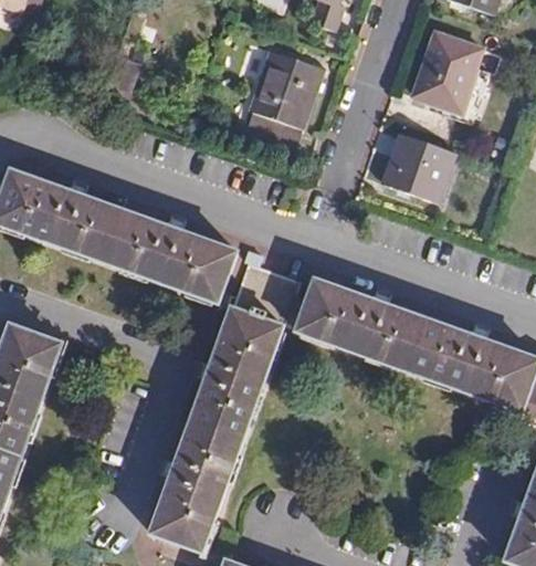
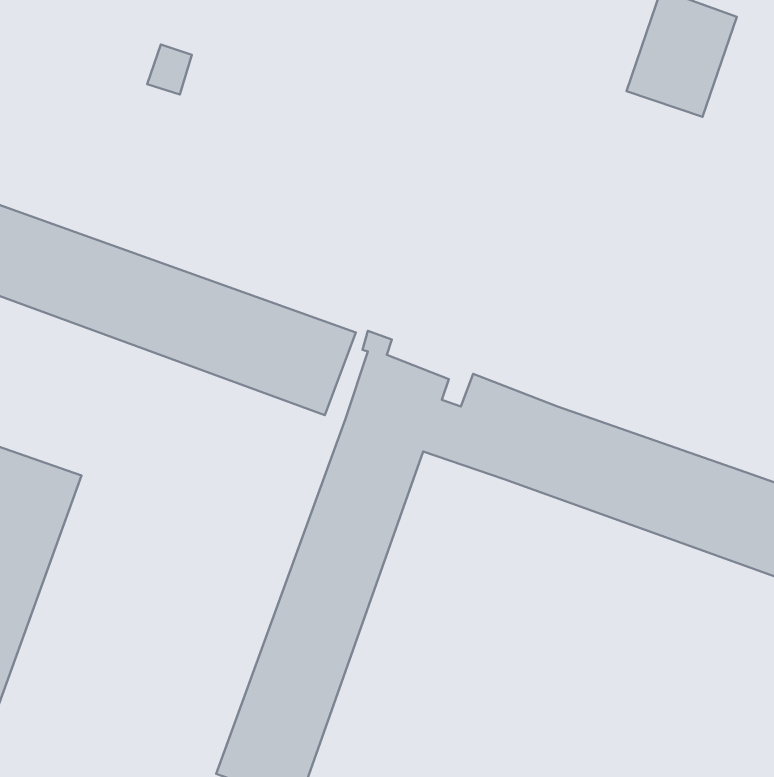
building: [246,49,324,147] -> none
building: [381,133,454,201] -> none

